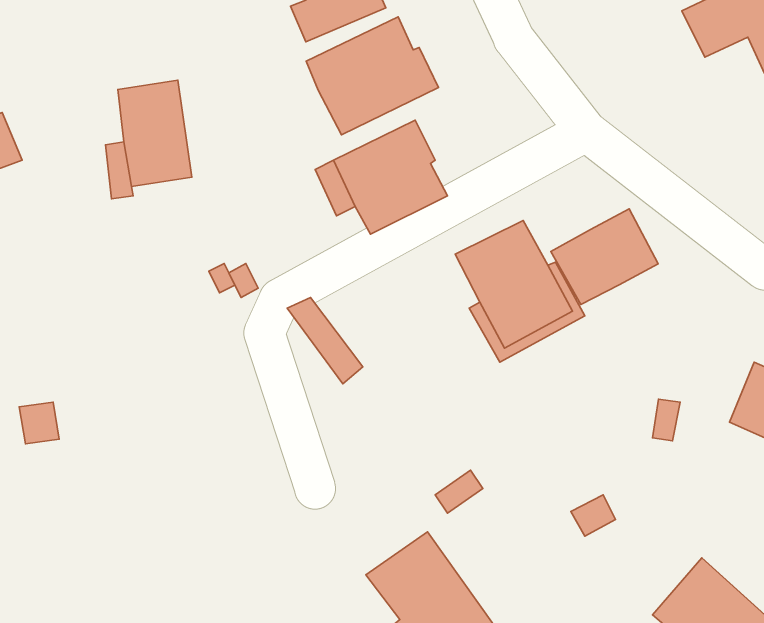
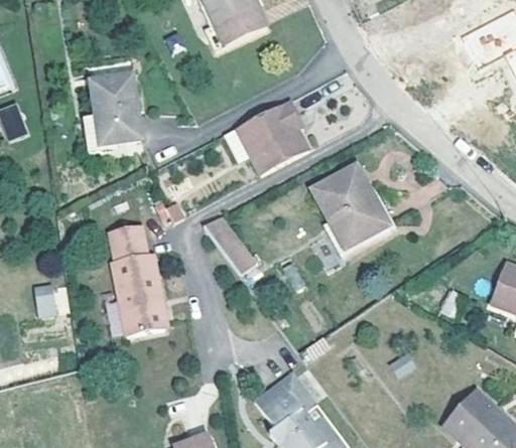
building: [306,17,438,135] -> none
building: [551,209,658,304] -> none
building: none -> [110,221,163,334]

